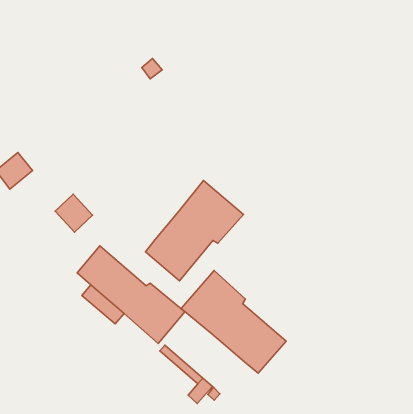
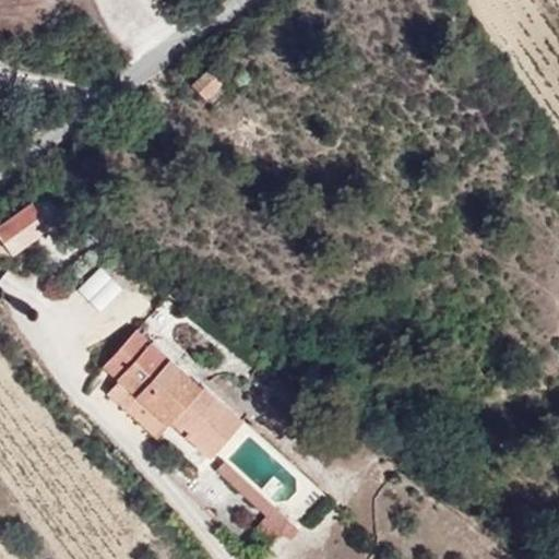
building: [145,180,244,281] -> none
building: [181,270,286,373] -> none

